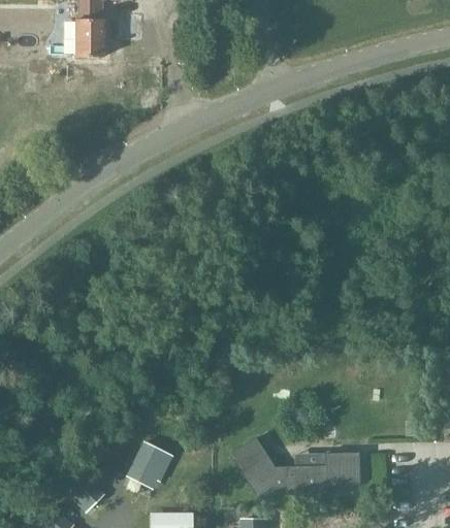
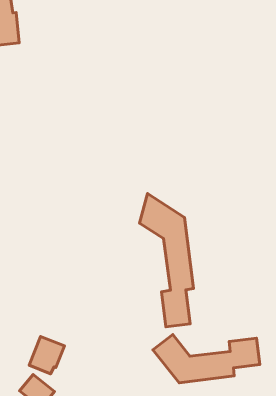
building: none -> [140,194,193,327]
building: [127,440,173,488] -> [29,337,65,374]

